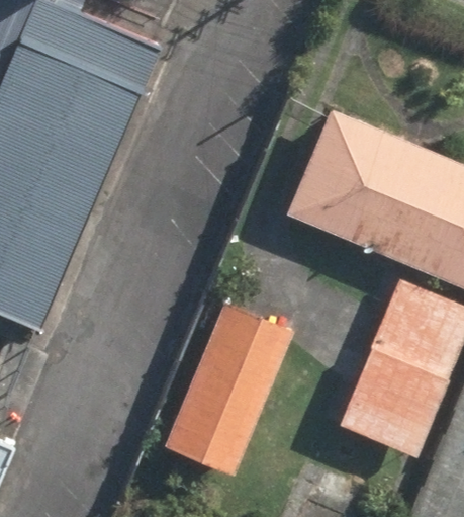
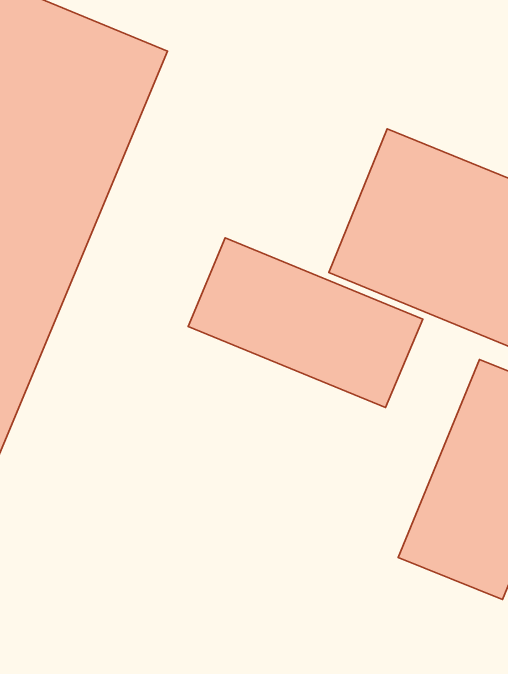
building: none -> [188,238,423,407]
building: [164,299,294,476] -> none

